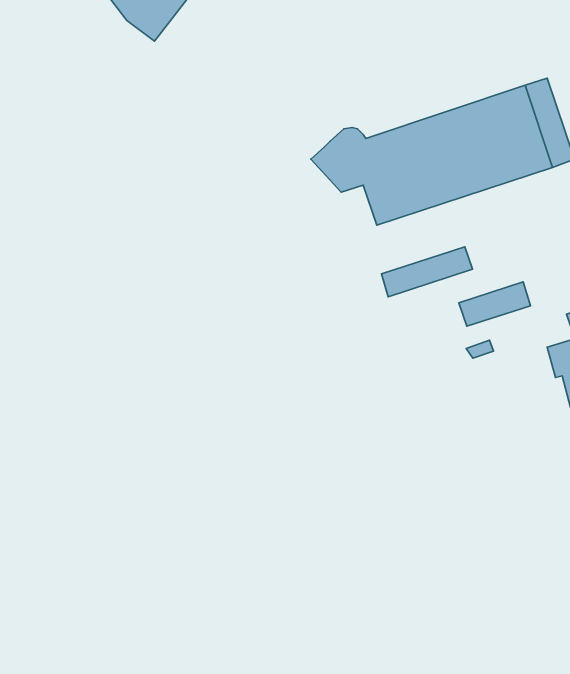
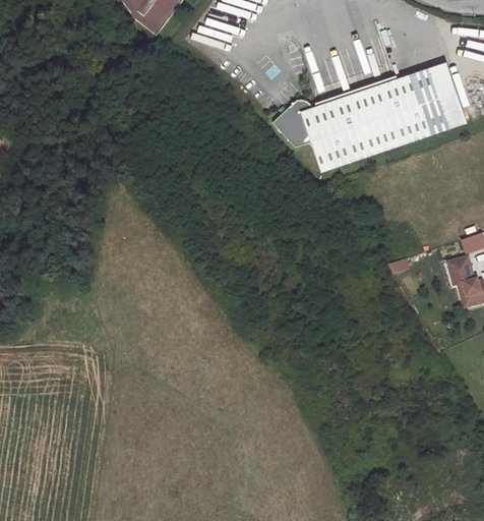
building: [382,247,473,297] -> none
building: [459,282,530,326] -> none

